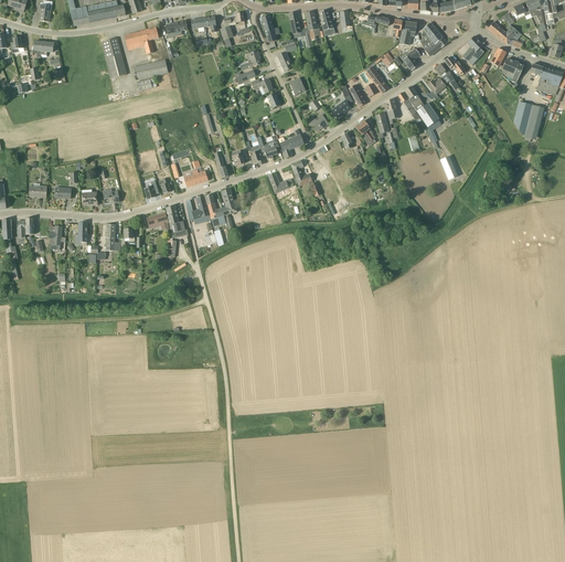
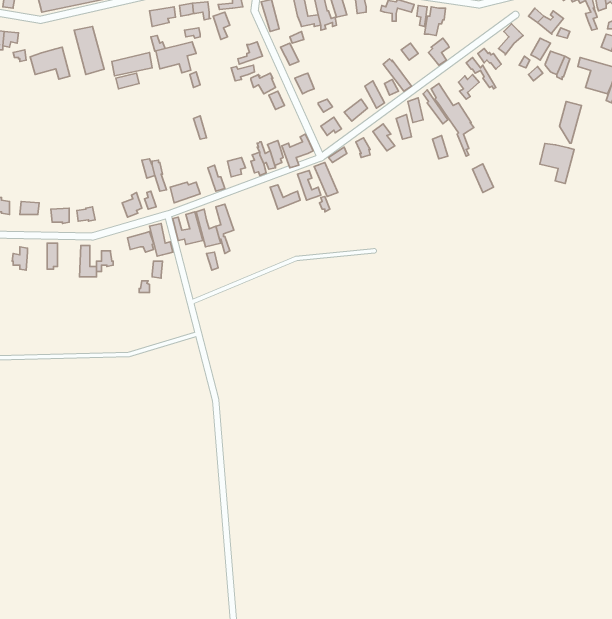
building: [419,22,446,56] -> none
building: [125,28,159,54] -> [156,42,196,73]
building: none -> [30,47,70,79]
building: none -> [540,143,574,183]

